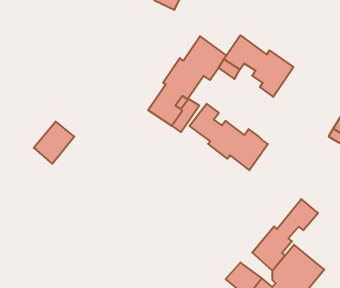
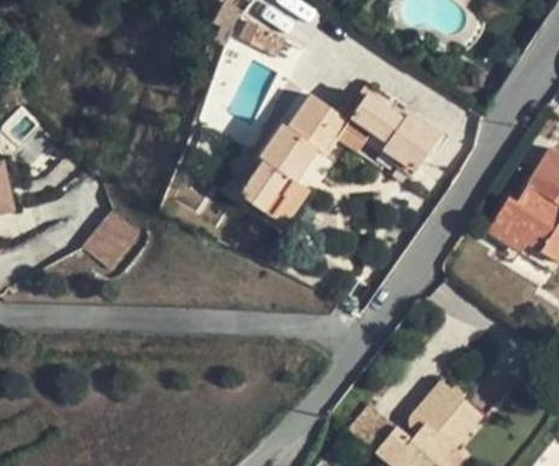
building: [190,104,268,170] -> none
building: [252,199,318,271] -> none

